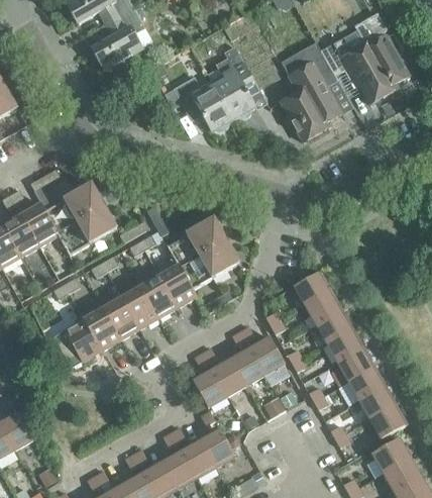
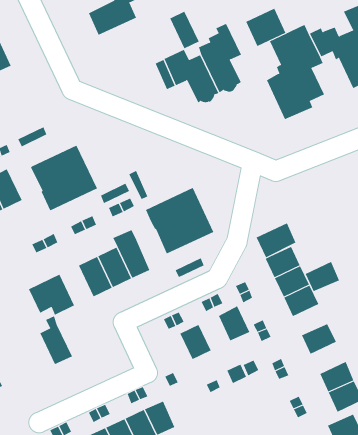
building: none -> [245,8,286,47]
building: none -> [169,11,199,49]
building: [21,203,59,245] -> none
building: none -> [256,222,296,258]
building: [159,257,197,307] -> none
building: [84,299,120,350] -> [39,316,73,365]
building: [327,328,363,362] -> [305,261,340,292]
building: [231,348,264,385] -> none
building: [348,366,386,400] -> none
building: [193,370,227,407] -> none
building: [201,429,235,467] -> none

